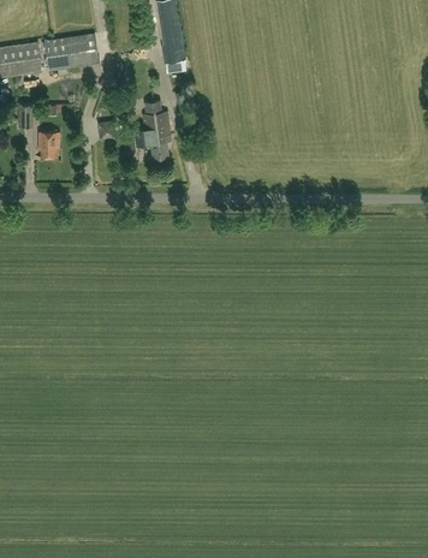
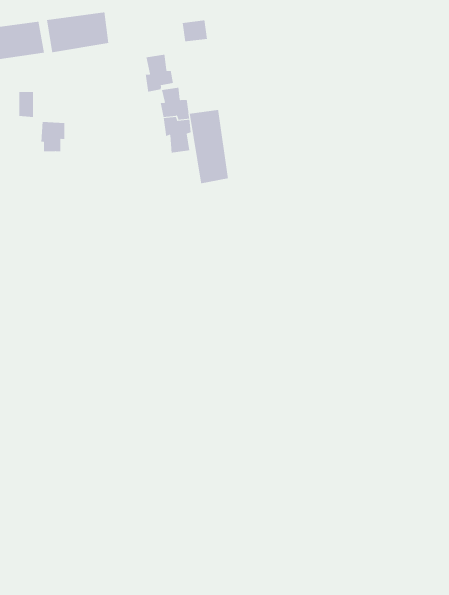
building: none -> [145,54,174,92]
building: none -> [189,109,229,184]

